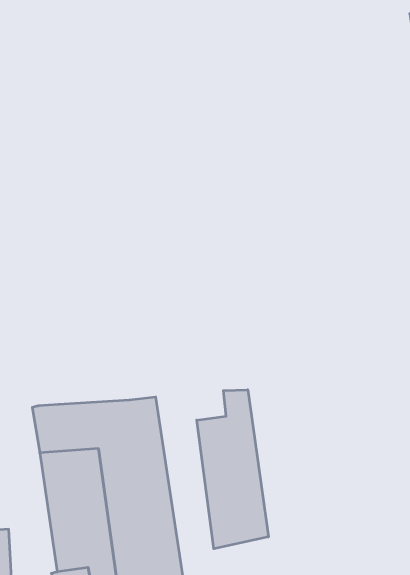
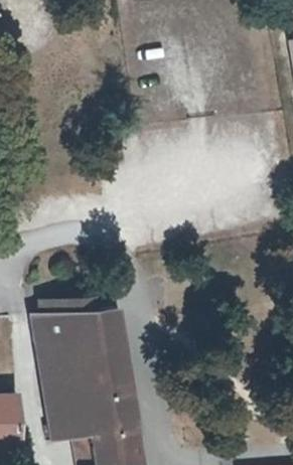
building: [197,390,268,549] -> none

